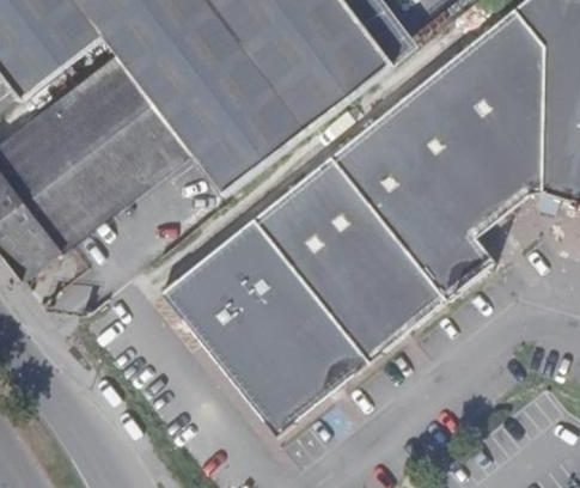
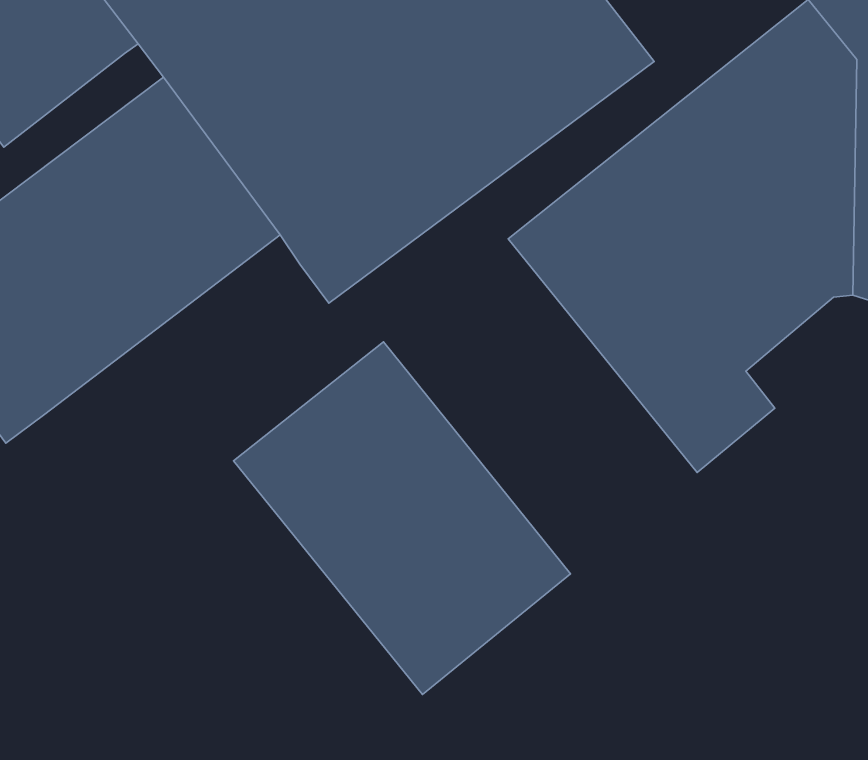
building: [254,155,446,361] -> none

